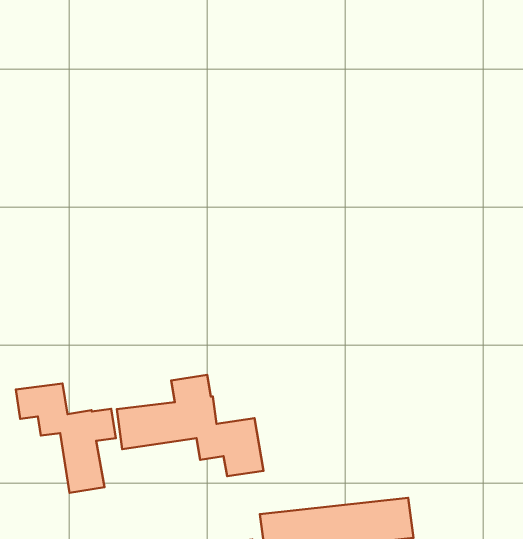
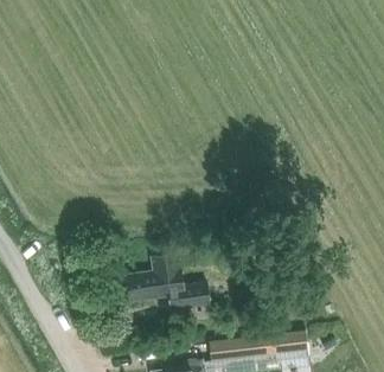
building: [16,383,116,493] -> none

